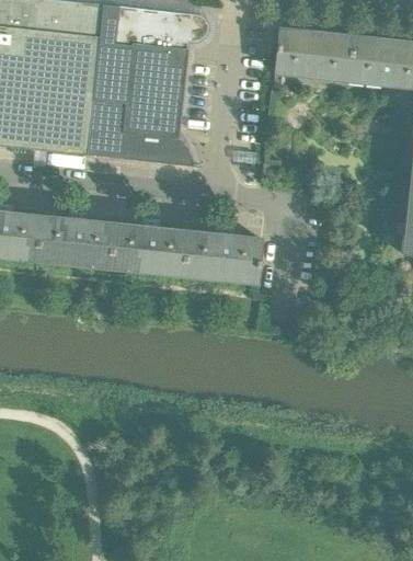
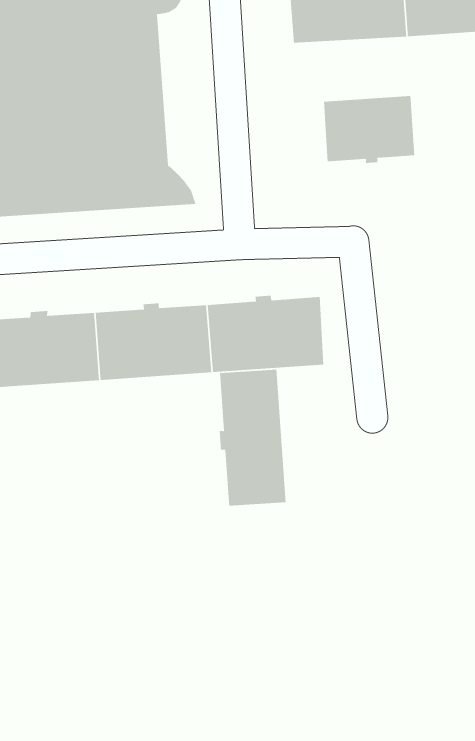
building: none -> [323,95,415,164]
building: none -> [219,369,287,506]

